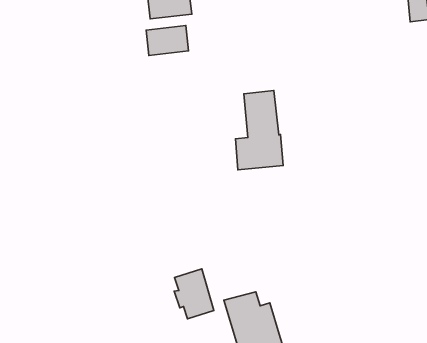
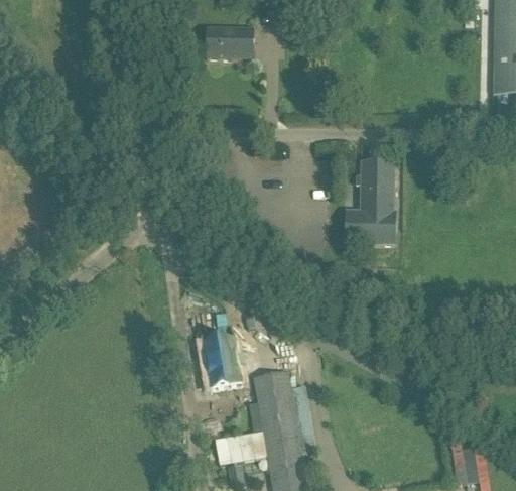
building: [146,26,189,55] -> none
building: [235,90,283,170] -> [345,159,396,243]

